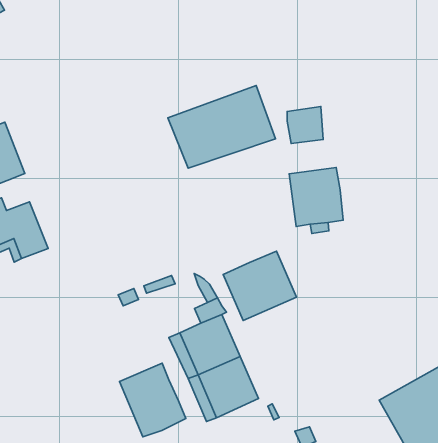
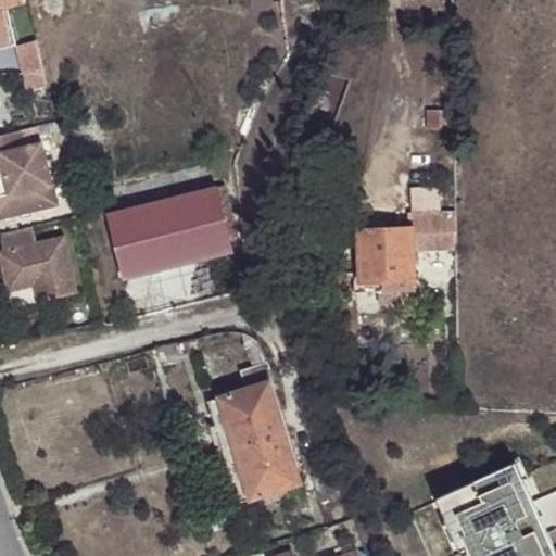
building: [168,86,276,168] -> [112,185,232,271]
building: [287,106,323,143] -> [415,216,455,255]
building: [223,251,297,320] -> none
building: [119,363,186,437] -> none

